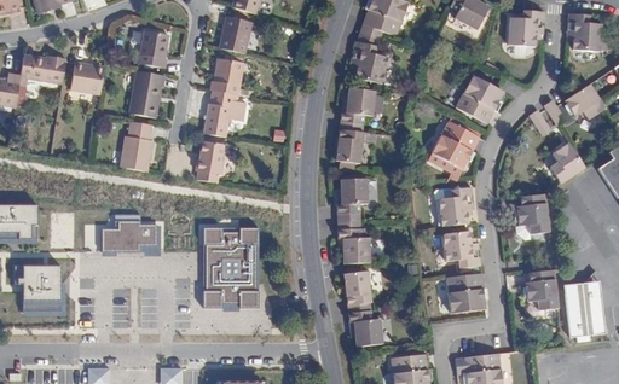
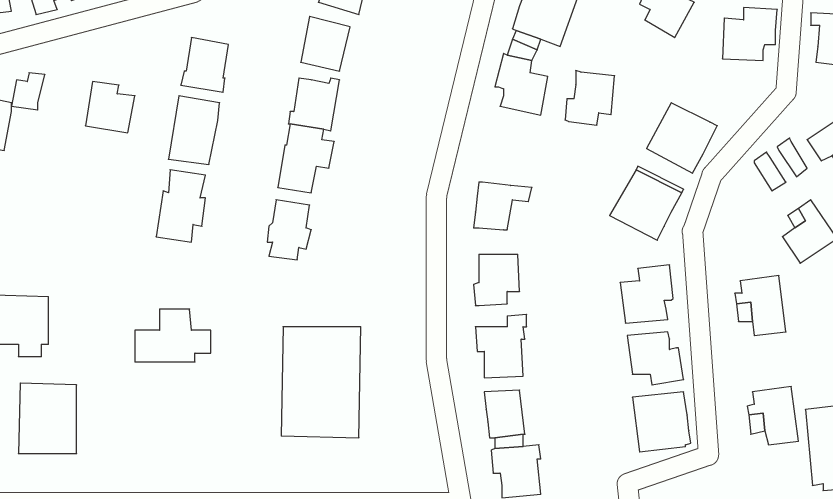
building: [37,54,66,83] -> none
building: [341,86,375,123] -> [565,71,615,125]

